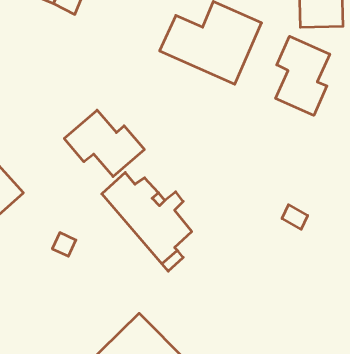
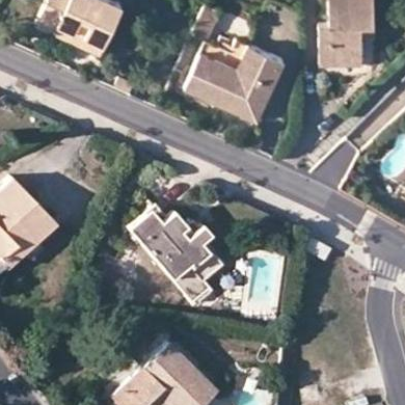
building: [276,36,330,115] -> none
building: [64,110,144,177] -> none

